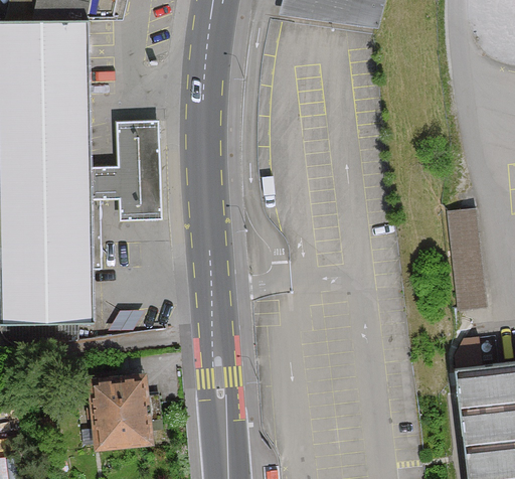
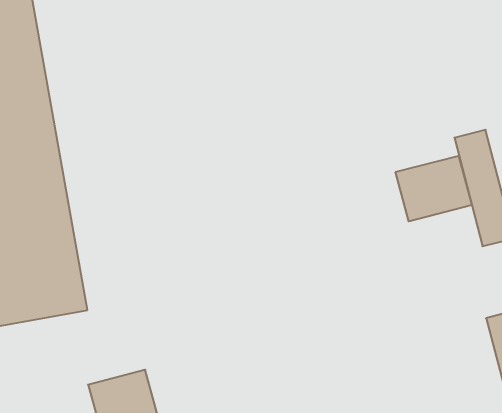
building: [85,119,161,218] -> none
building: none -> [396,156,472,221]

